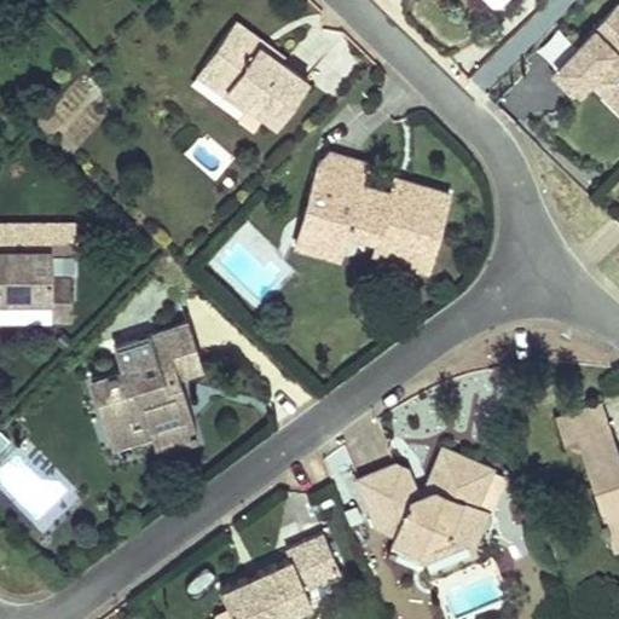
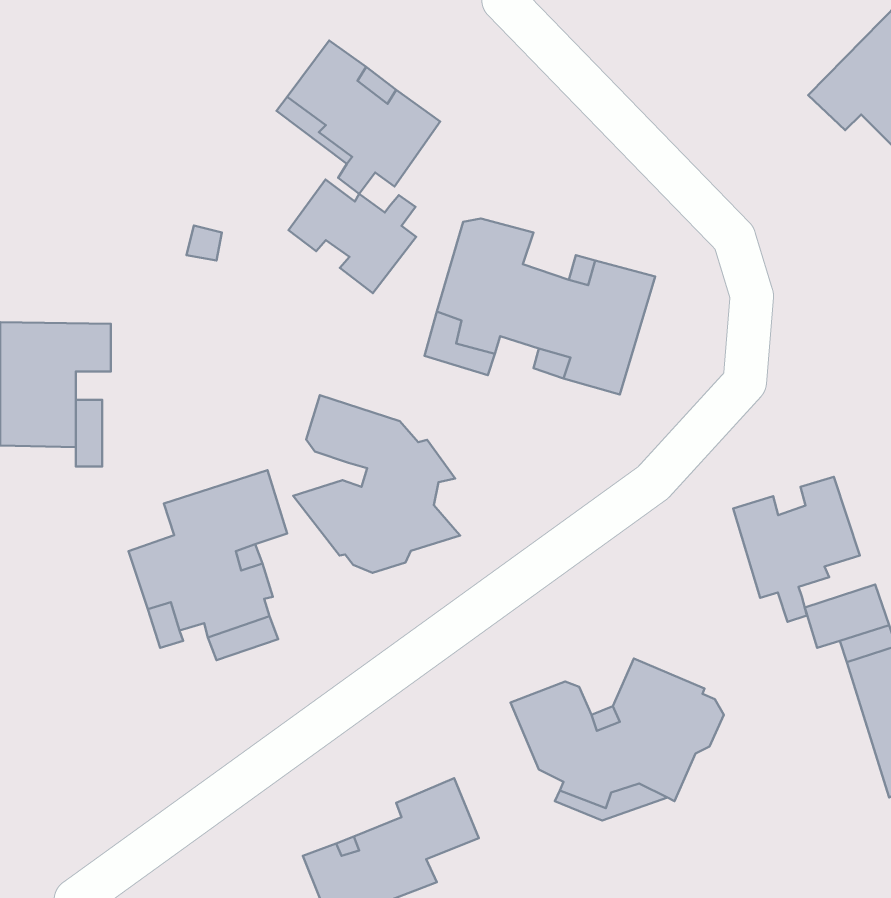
building: none -> [289,179,416,293]
building: none -> [293,395,460,573]
building: none -> [733,477,860,622]

